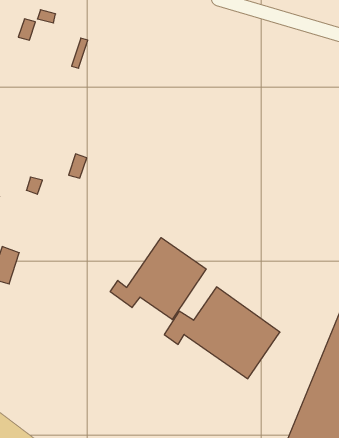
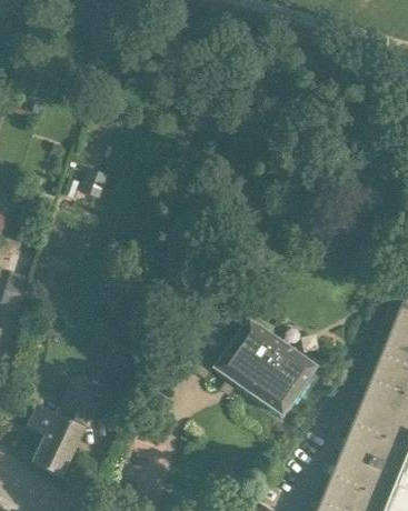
building: [110,238,206,320] -> none
building: none -> [29,387,102,480]

